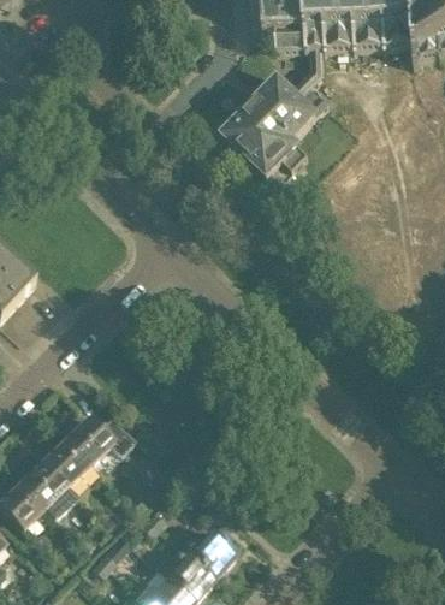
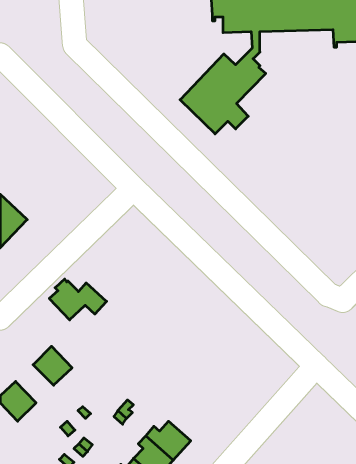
building: [65,411,136,462] -> [49,279,107,320]
building: [20,458,78,516] -> none

